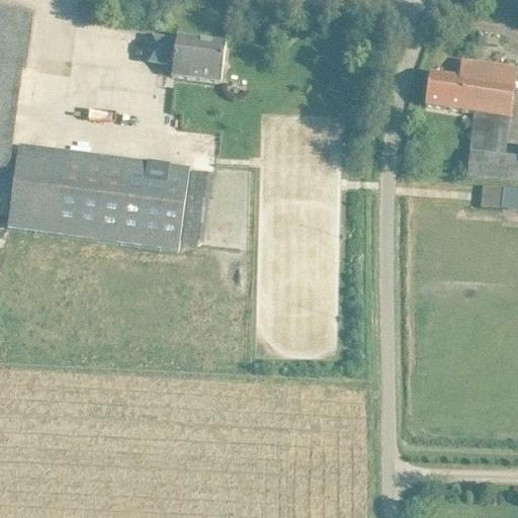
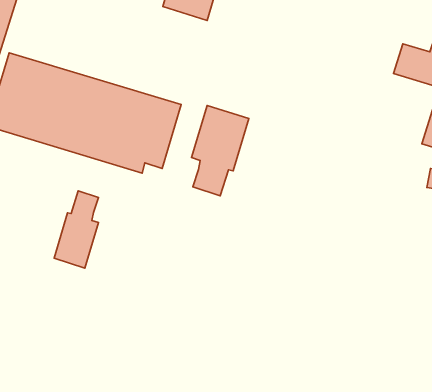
building: none -> [191,106,249,196]
building: none -> [54,191,98,268]

